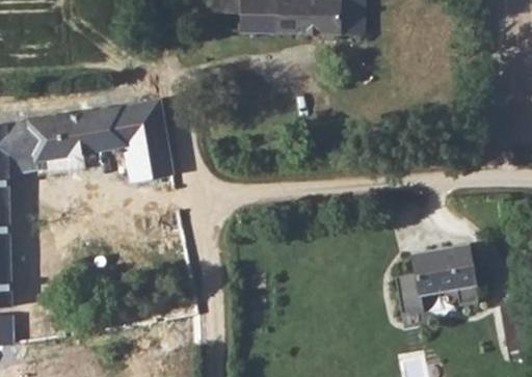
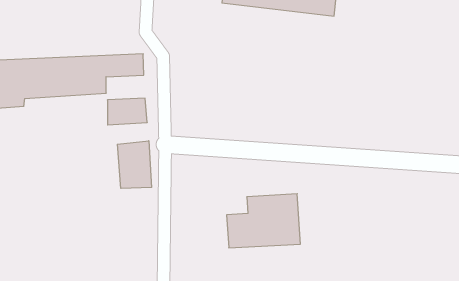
building: none -> [117,141,152,188]
building: [392,244,475,311] -> [227,194,300,248]

